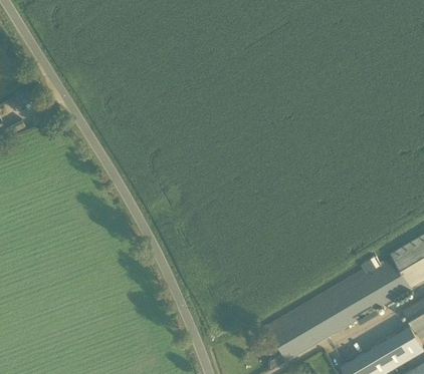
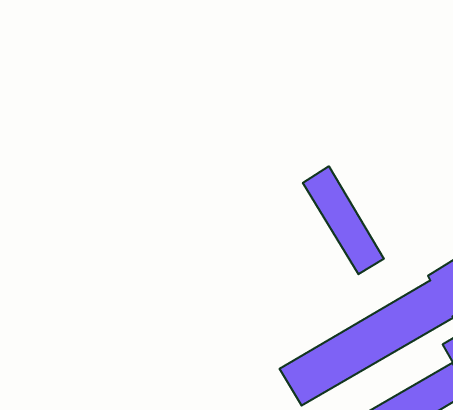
building: none -> [303,166,384,274]

